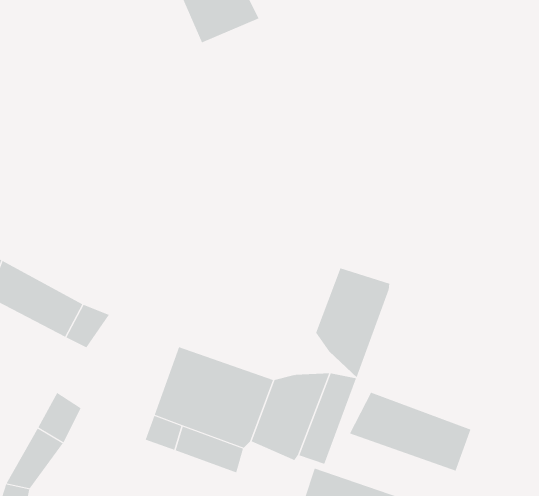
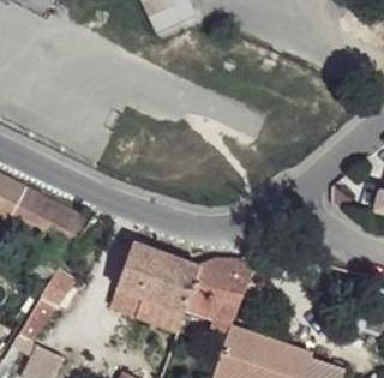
building: [315,268,390,378] -> none
building: [349,392,471,471] -> none

